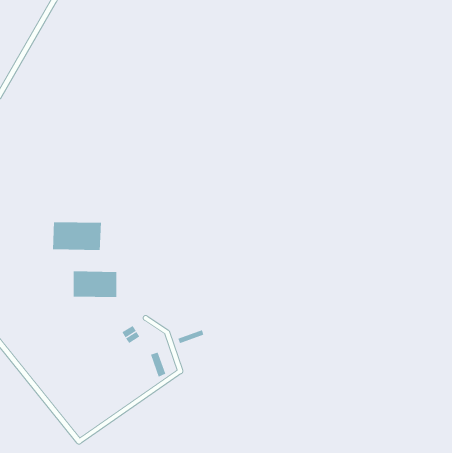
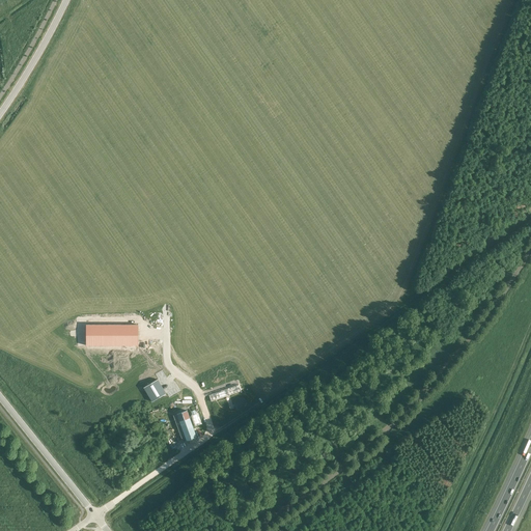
building: [53,221,101,251] -> none

